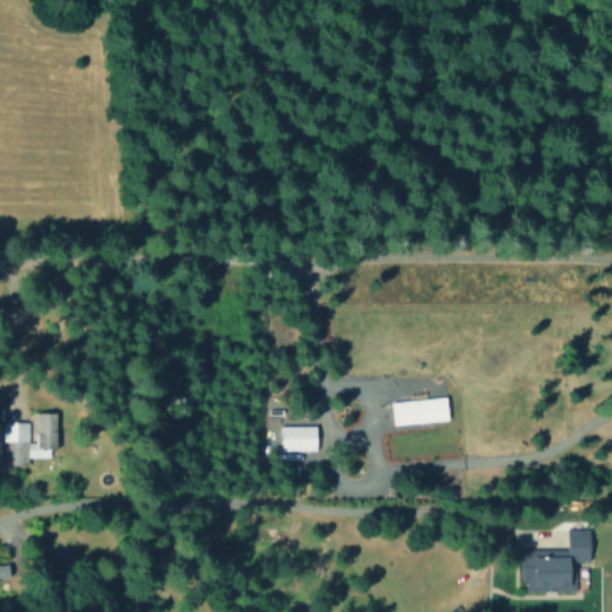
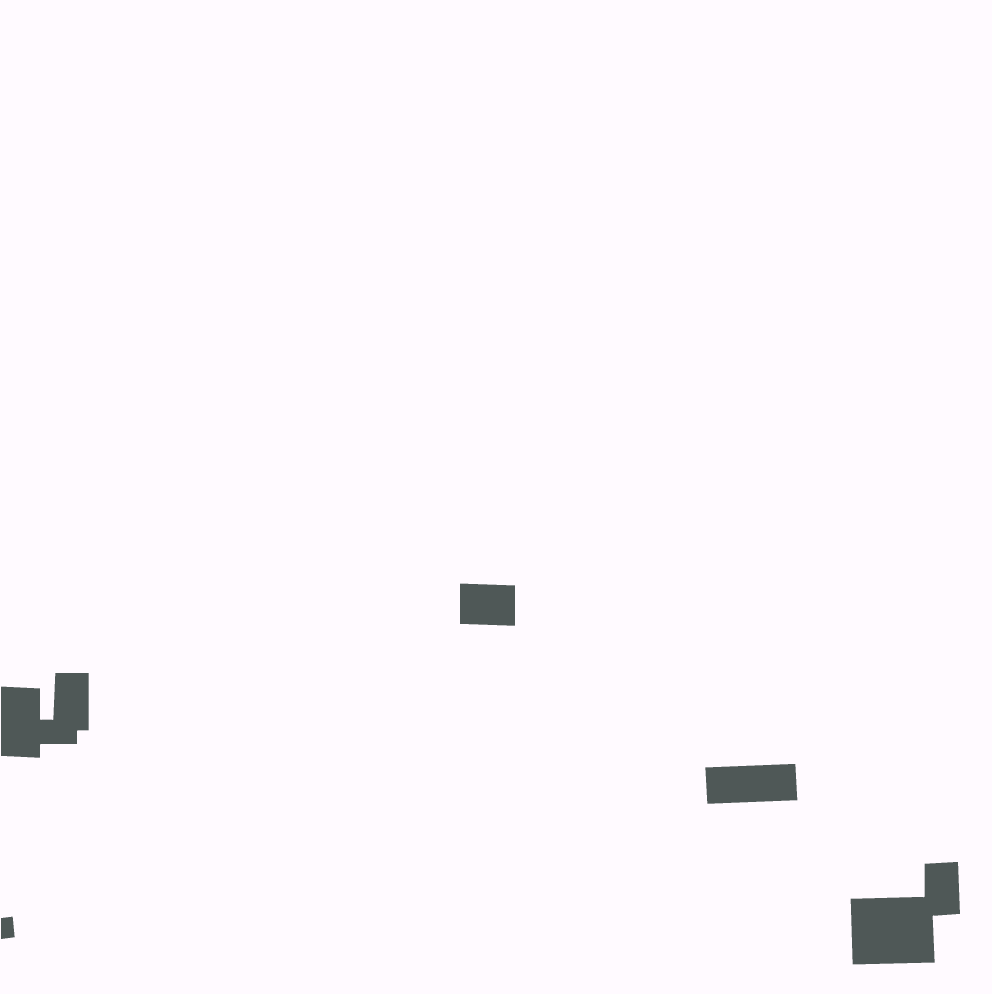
building: [392,399,449,424] -> [705,763,798,804]
building: [282,426,317,452] -> [459,583,516,626]

